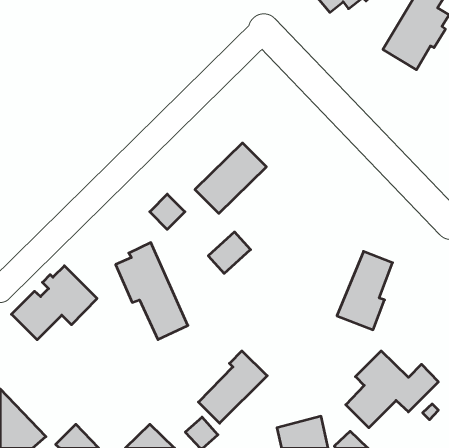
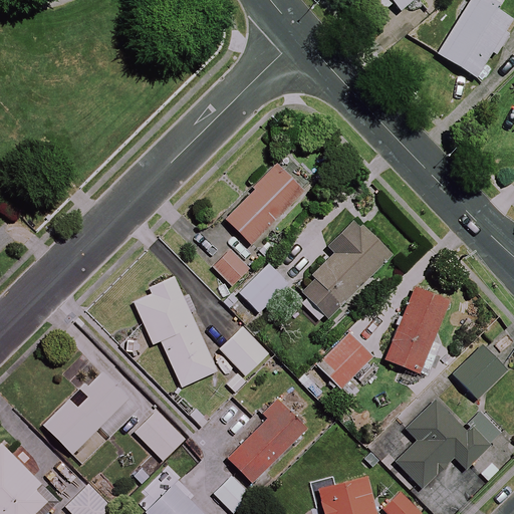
building: none -> [299,219,393,317]
building: [150,194,185,229] -> [210,245,250,285]
building: [11,266,97,340] -> [43,369,141,454]
building: none -> [220,326,268,375]
building: none -> [317,334,372,389]
building: none -> [452,345,507,400]
building: none -> [135,410,186,461]

